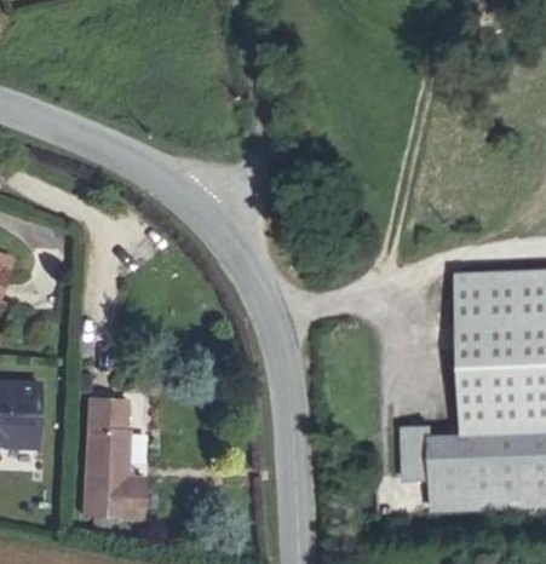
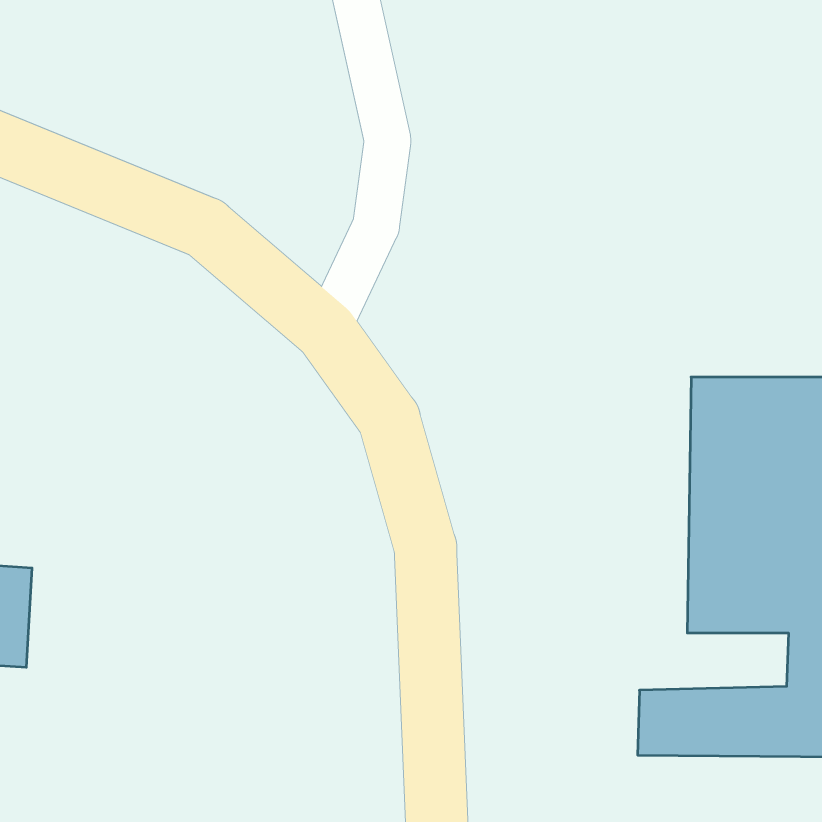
building: [87,402,153,529] -> none
building: [395,408,519,465] -> none

